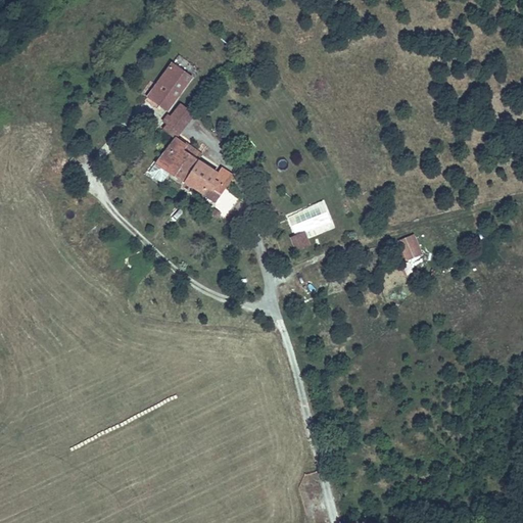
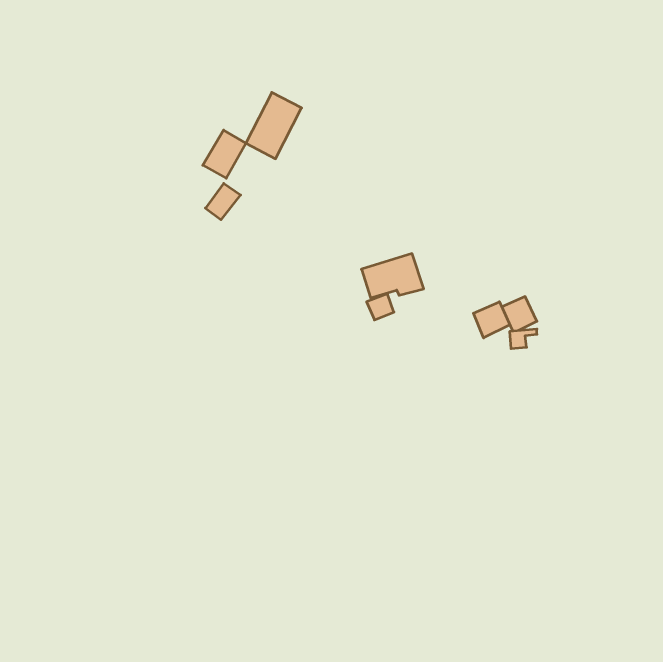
building: [147,61,191,113] -> [246,92,302,159]
building: [186,167,223,199] -> none
building: none -> [473,302,510,338]

